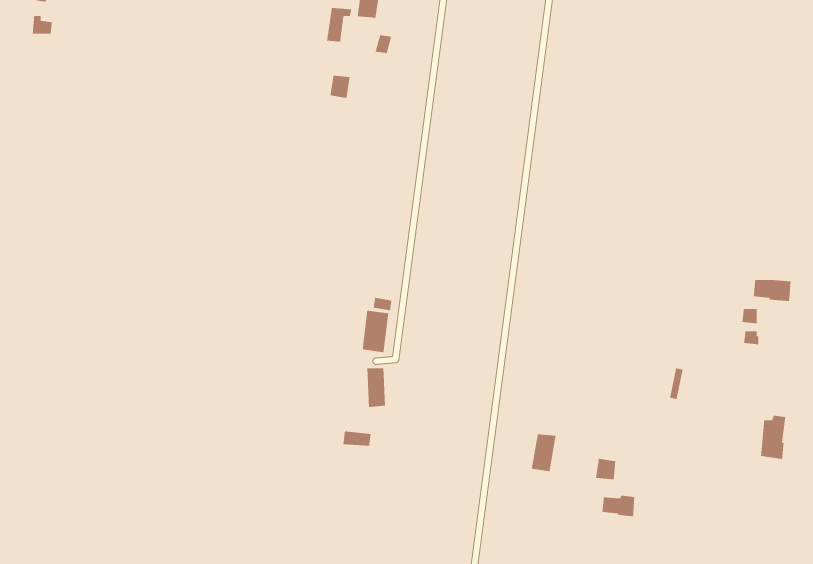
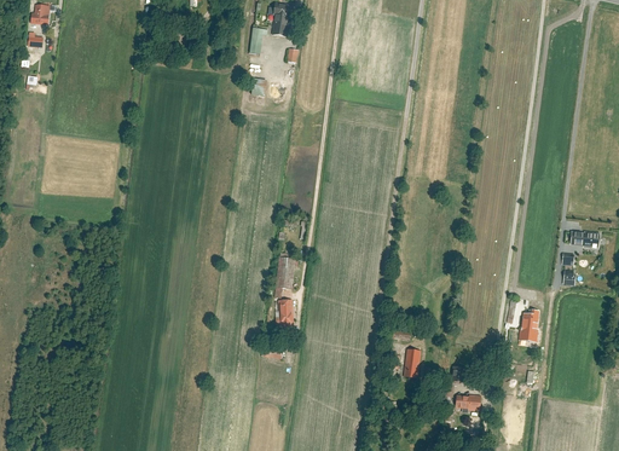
building: [760,415,786,460] -> [519,308,538,342]

